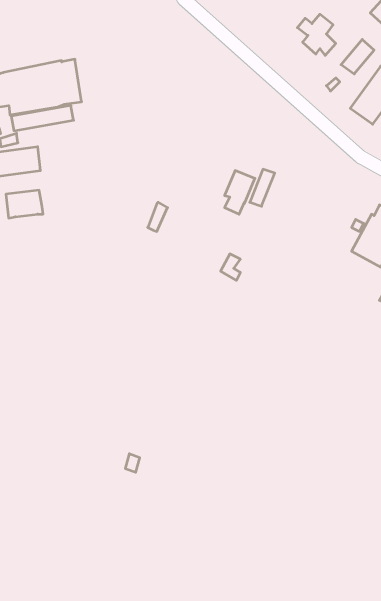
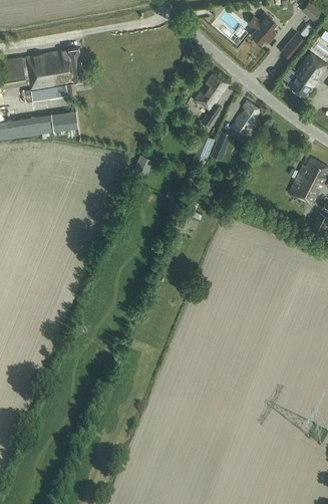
building: none -> [194,74,227,122]
building: none -> [231,101,260,137]
building: [6,190,43,218] -> [50,111,78,133]

